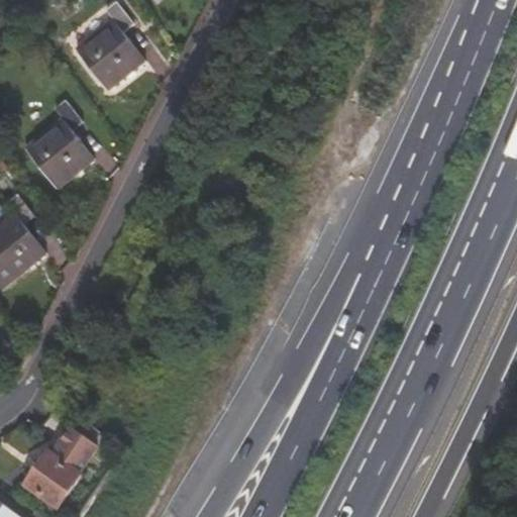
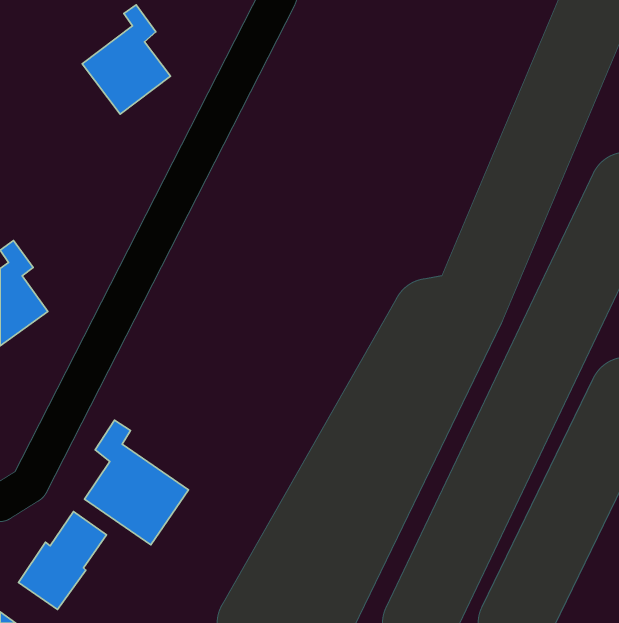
building: [25,103,91,190] -> none
building: none -> [84,420,189,545]

